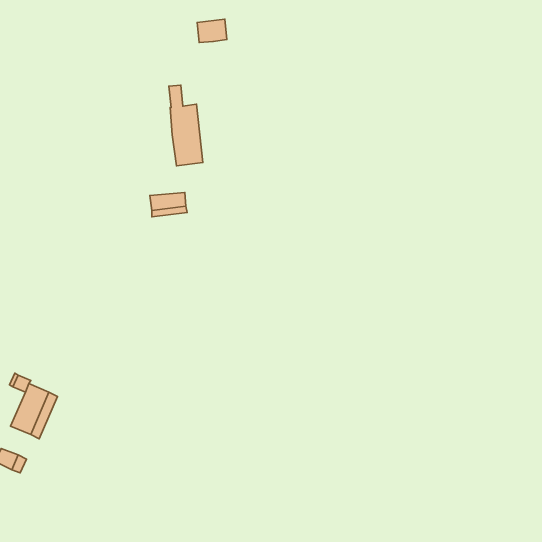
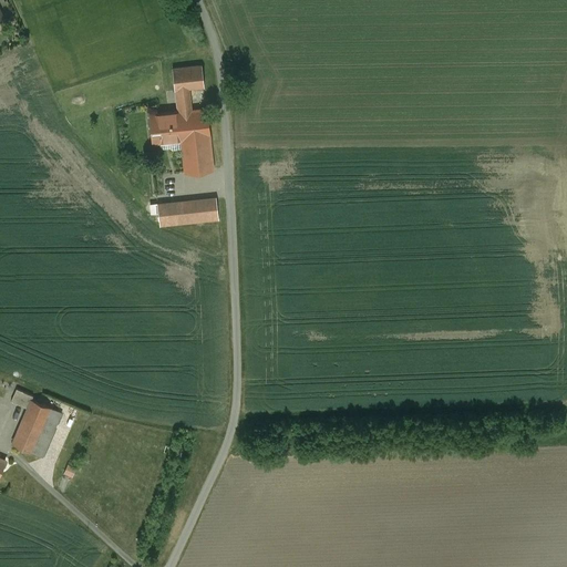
building: [197,19,227,43] -> [172,66,203,91]
building: none -> [148,113,179,143]
building: none -> [193,199,217,223]

